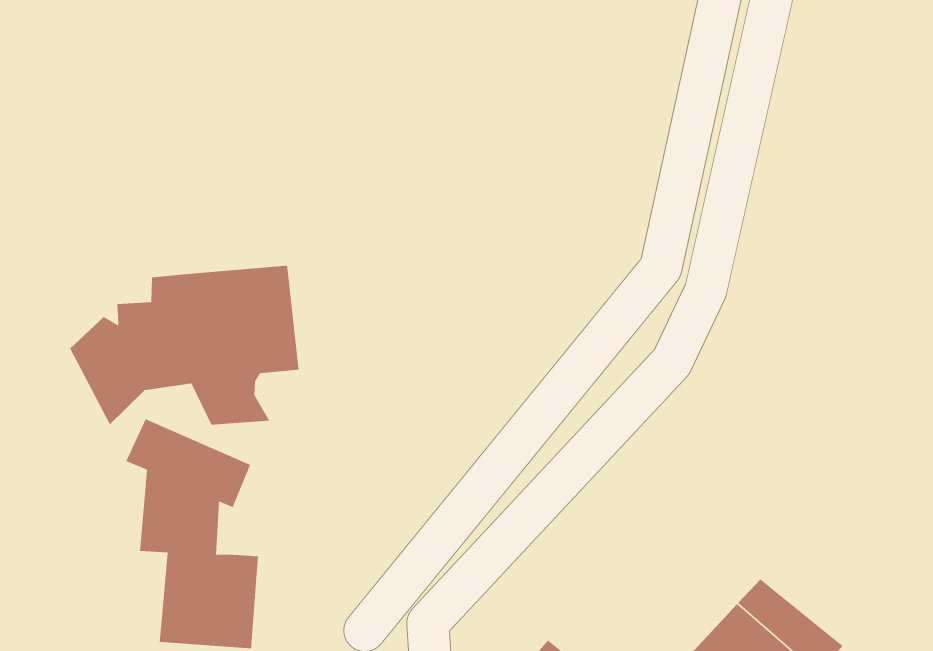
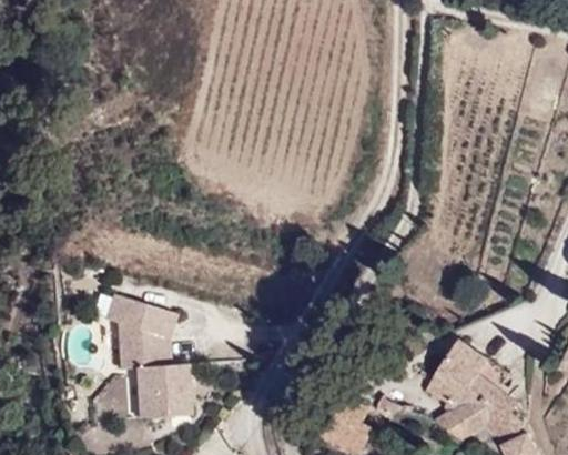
building: [69,265,299,425] -> none

